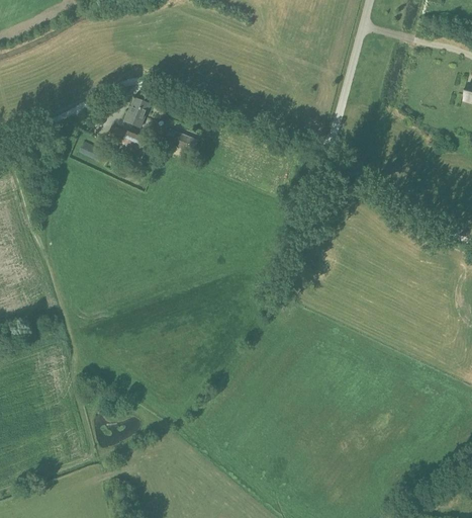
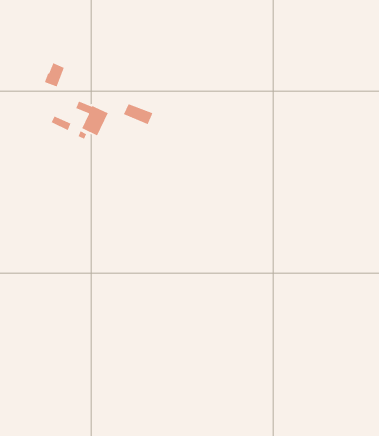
building: [124,97,149,126] -> [44,62,65,88]

